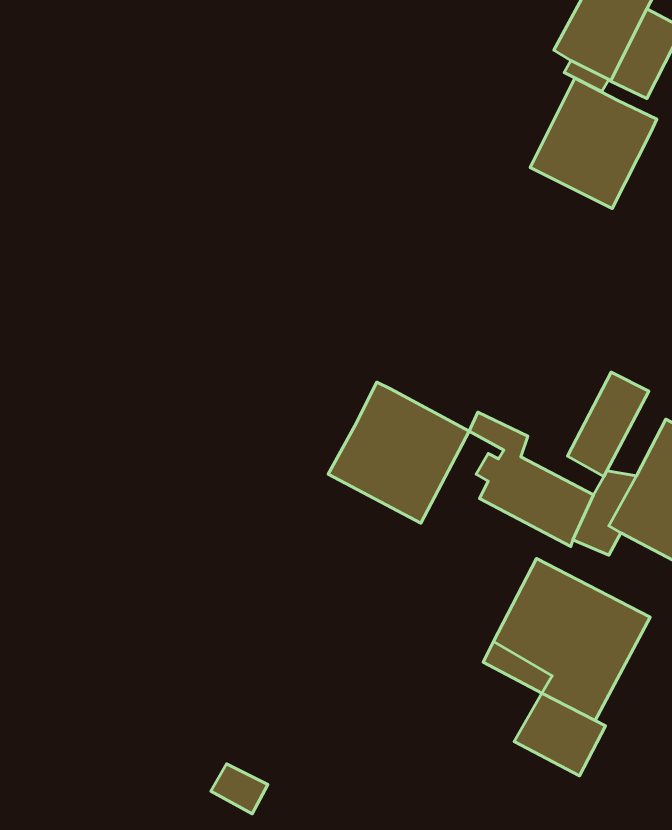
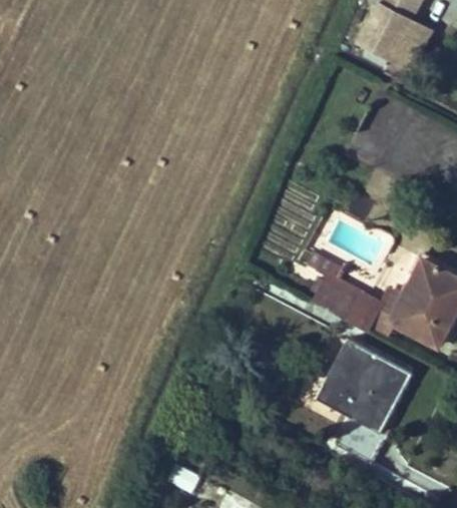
building: [530,78,657,209] -> none
building: [568,372,649,477] -> none
building: [328,382,469,523] -> none

